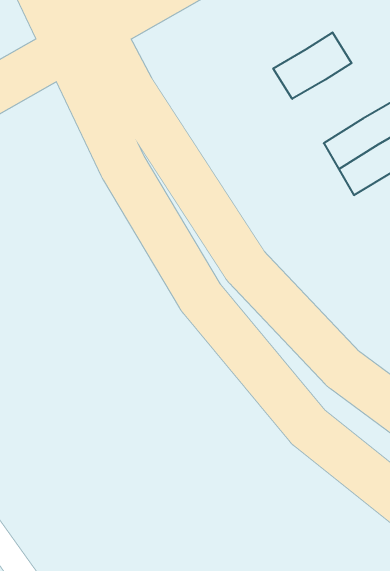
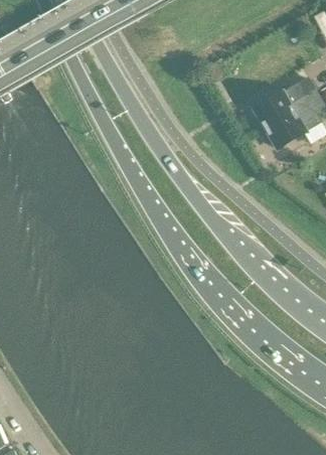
building: [273,32,352,99] -> none

